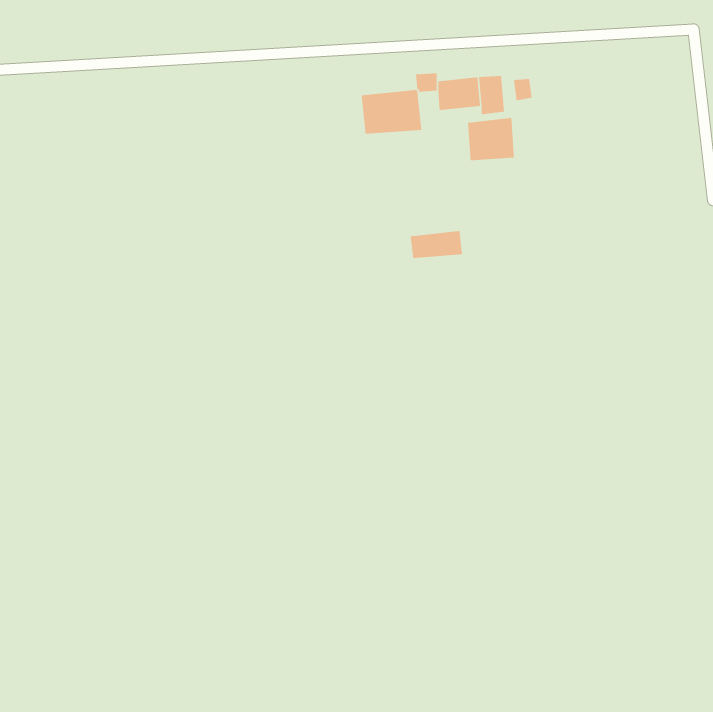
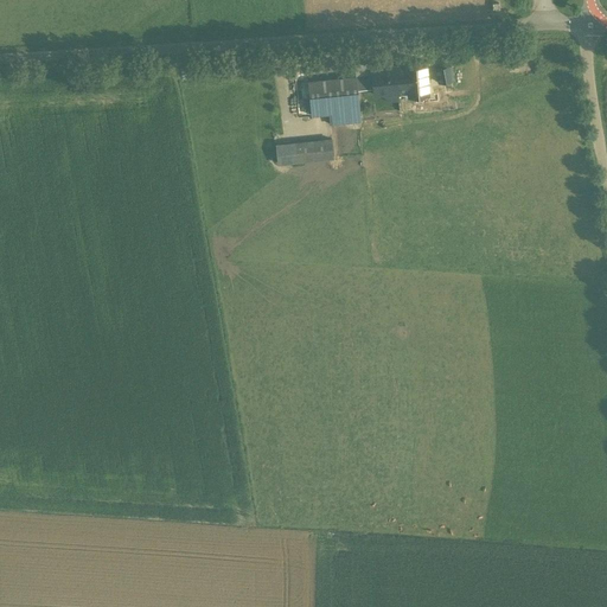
building: [468,117,515,161] -> none
building: [410,231,463,259] -> [287,140,332,164]

